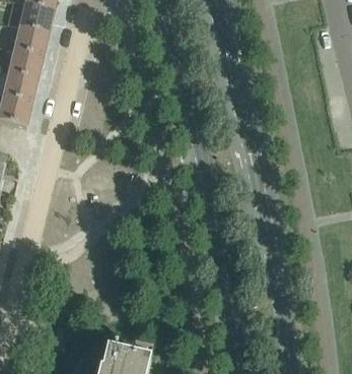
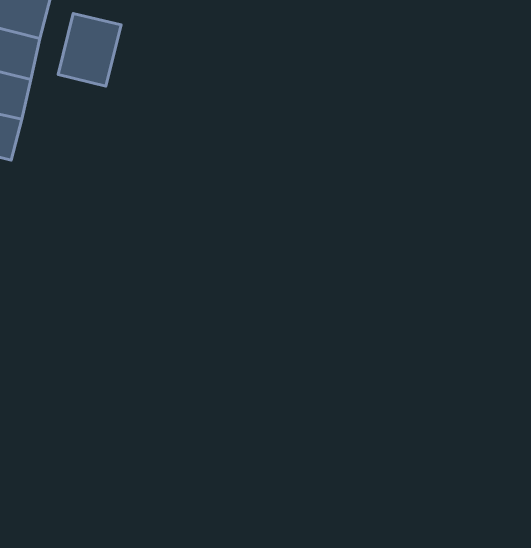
building: none -> [58,13,121,86]

